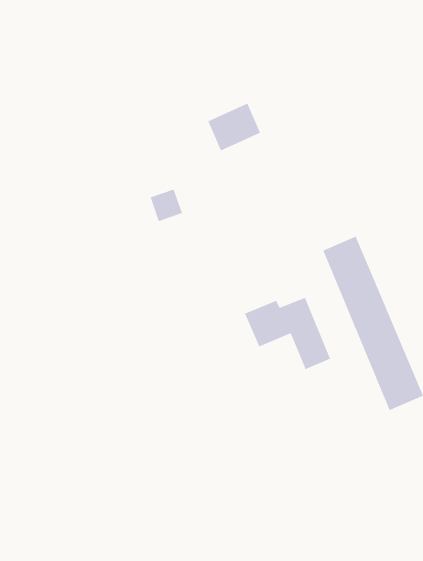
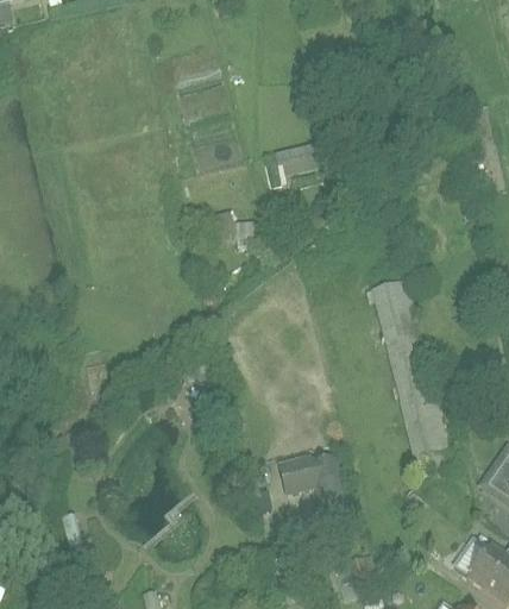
building: [244,297,331,370] -> [276,452,353,523]

